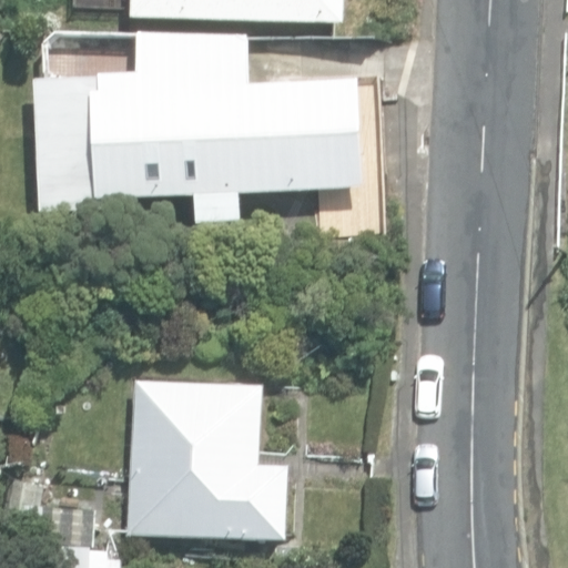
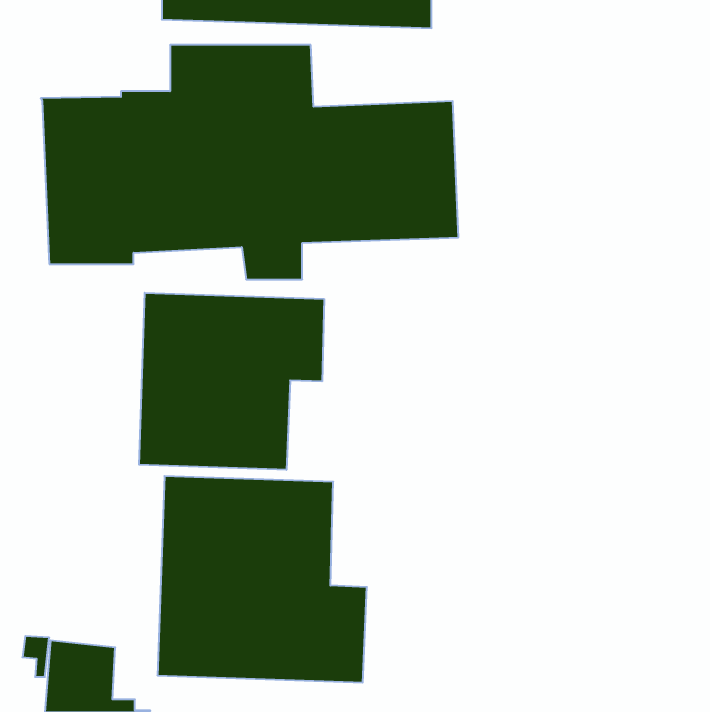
building: none -> [139,293,324,470]

